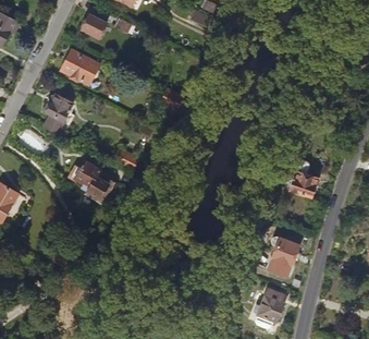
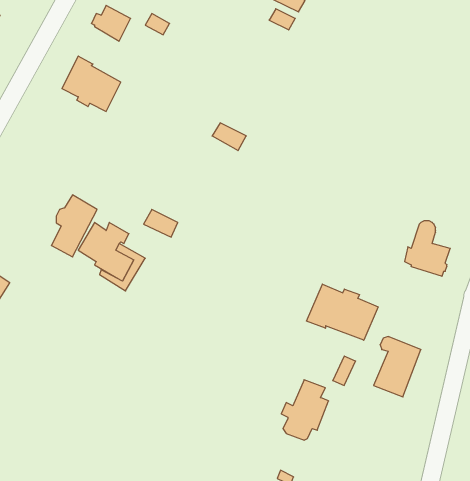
building: [42,93,73,134] -> [51,195,97,257]
building: none -> [306,284,378,340]
building: [254,287,285,327] -> [281,380,329,440]

